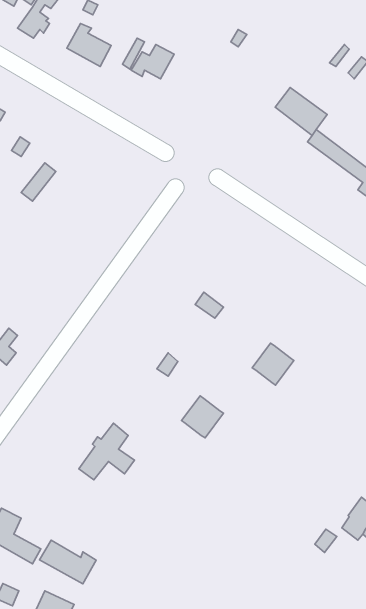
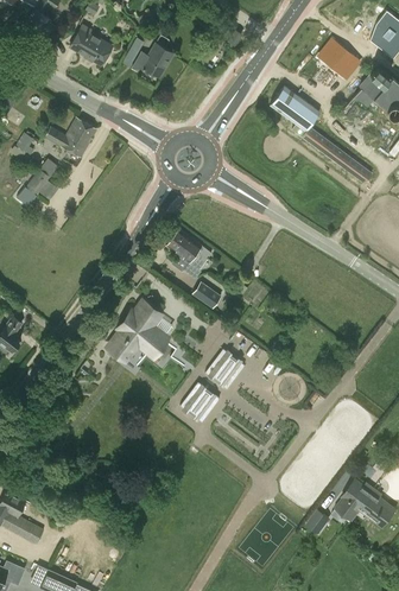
building: none -> [44,117,96,158]
building: none -> [165,228,210,278]
building: [252,343,294,385] -> [204,349,245,389]
building: [79,423,134,480] -> [109,303,163,357]
building: [40,540,96,584] -> none

